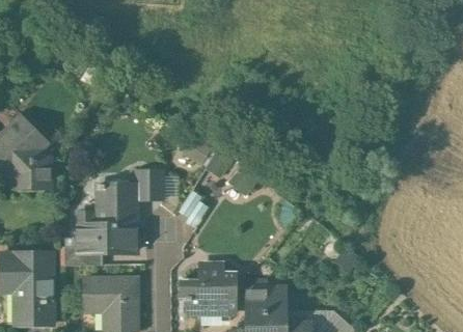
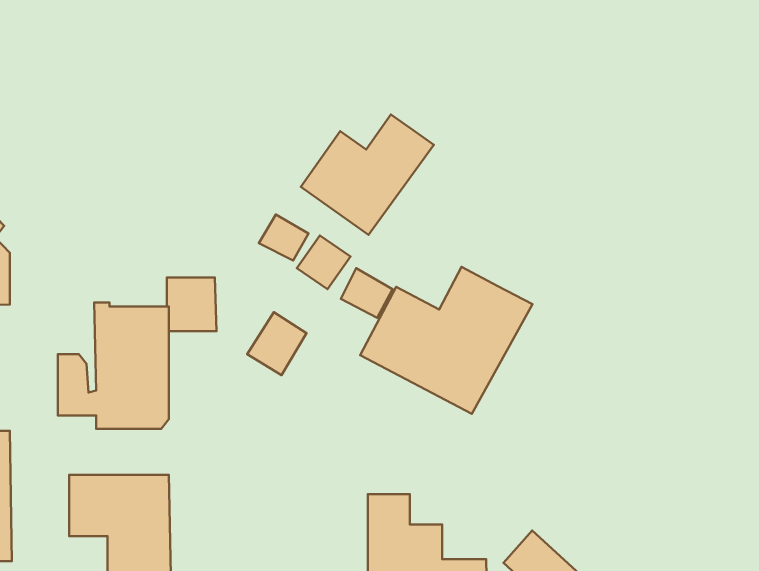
building: none -> [301,115,434,235]
building: none -> [360,267,532,414]
building: [64,246,103,266] -> none
building: [180,264,237,316] -> none

